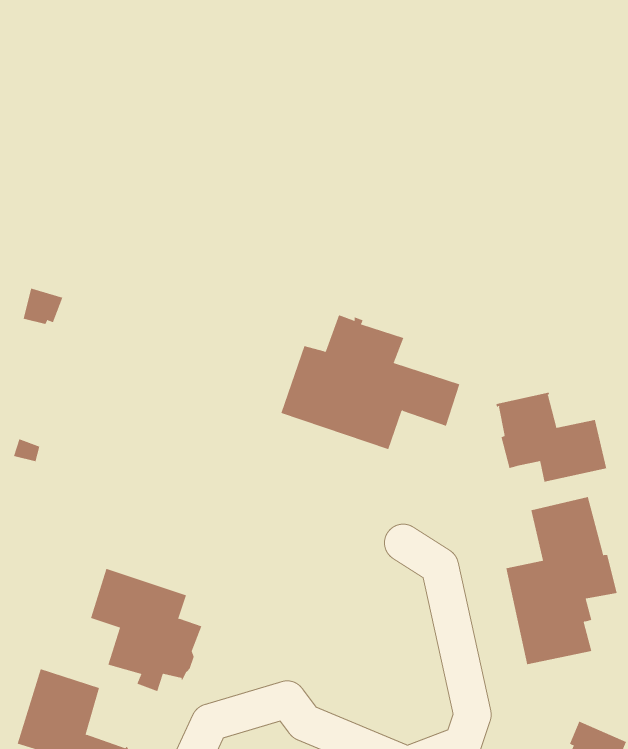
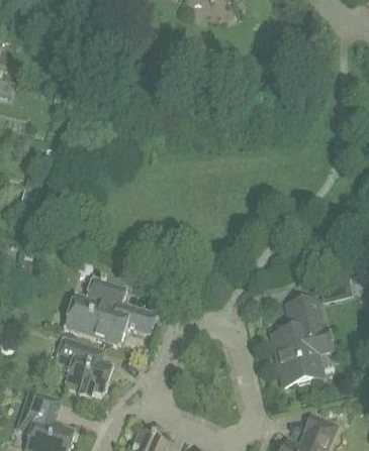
building: [281,314,460,450] -> [63,274,157,345]
building: [496,392,607,482] -> none

